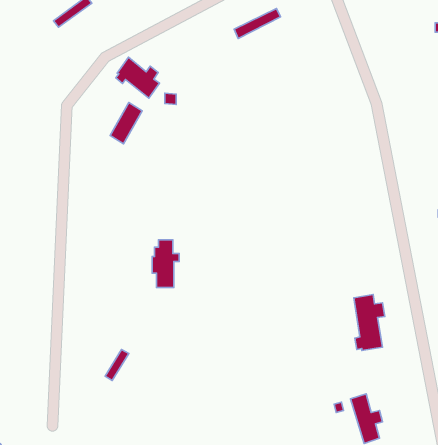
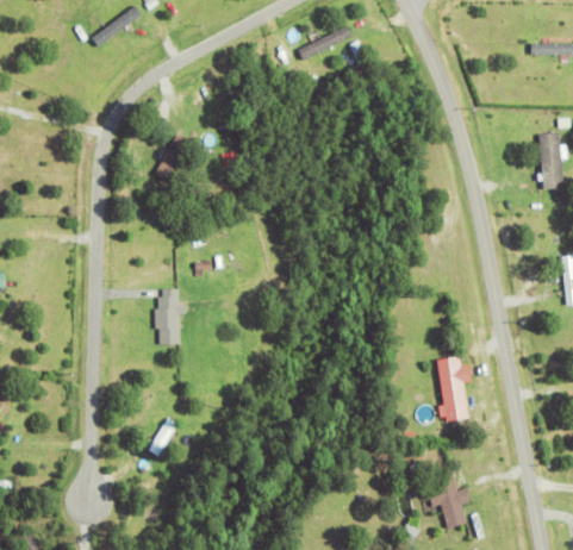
building: [116,57,160,98] -> none
building: [152,240,179,287] -> [155,289,186,344]

